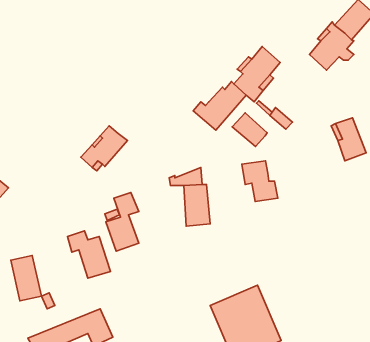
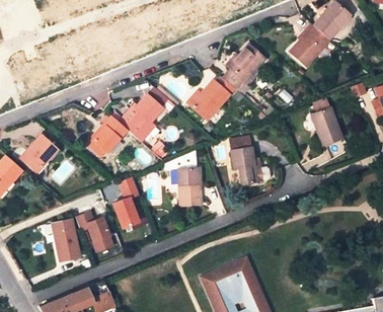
building: none -> [121,94,163,141]
building: [232,113,267,147] -> none
building: none -> [21,135,58,173]
building: [11,256,41,301] -> [53,221,80,261]

